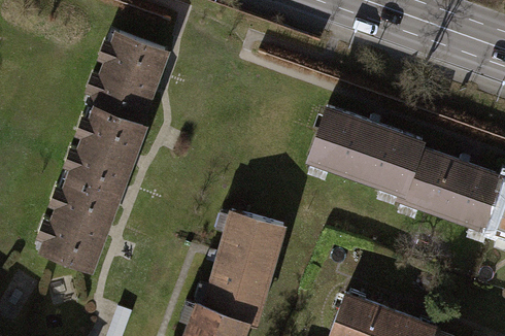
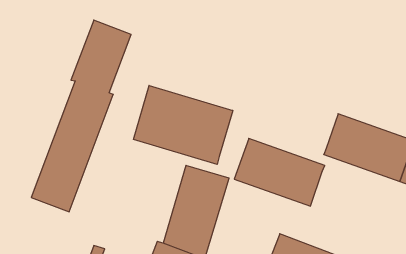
building: [310,109,420,192] -> [234,138,325,206]
building: none -> [134,85,233,164]

